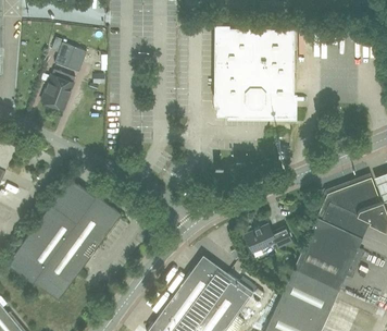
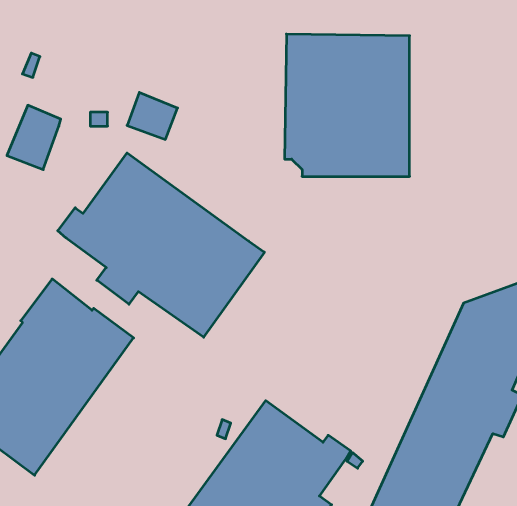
building: [54,44,86,73] -> [127,92,178,139]
building: none -> [58,153,264,337]
building: [244,225,290,253] -> none

